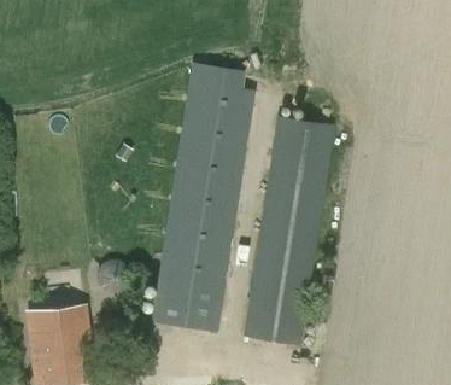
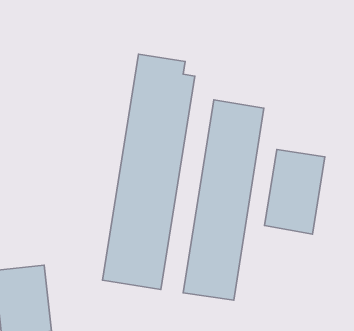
building: none -> [265,149,325,234]

